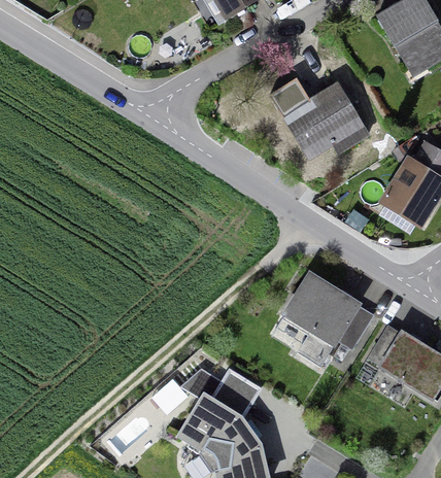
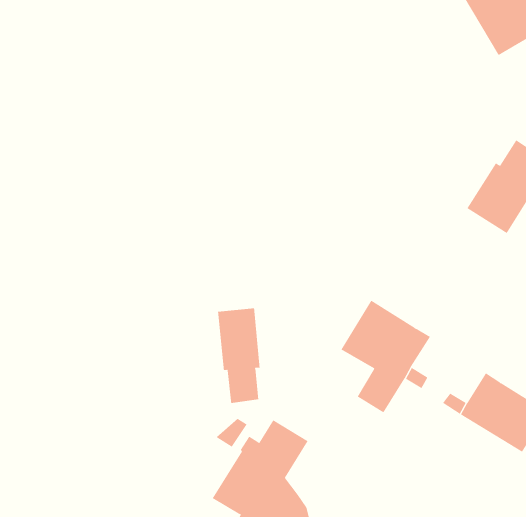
building: [262,83,368,153] -> none
building: none -> [217,308,260,404]

